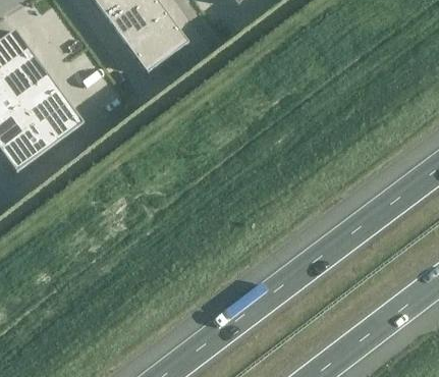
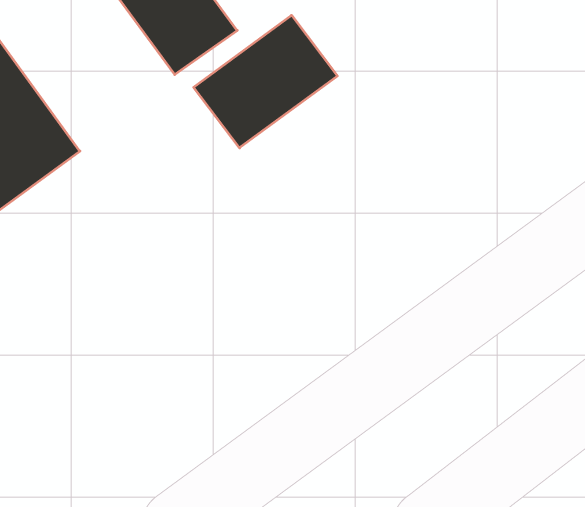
building: none -> [194,15,337,148]

